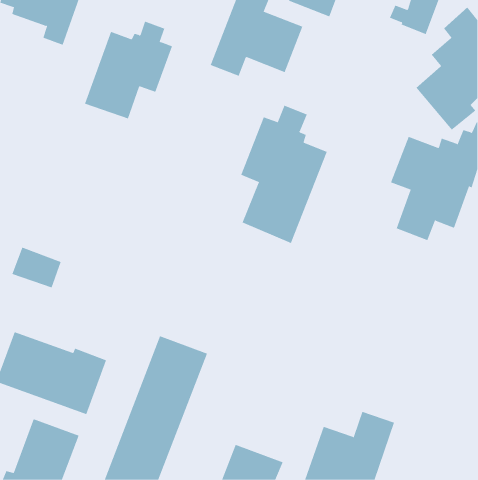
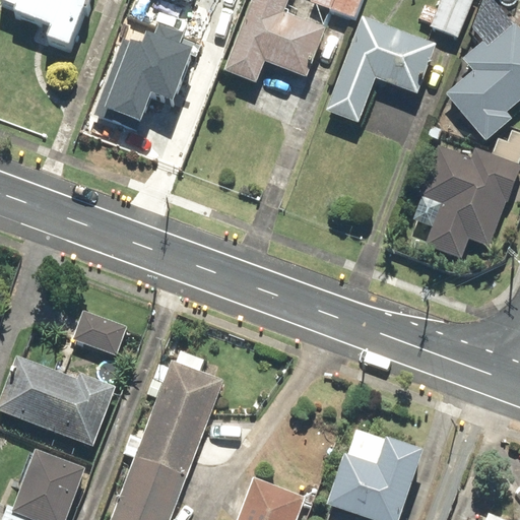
building: none -> [326,17,437,123]
building: [240,105,328,244] -> none
building: [11,247,61,288] -> [72,310,126,354]

